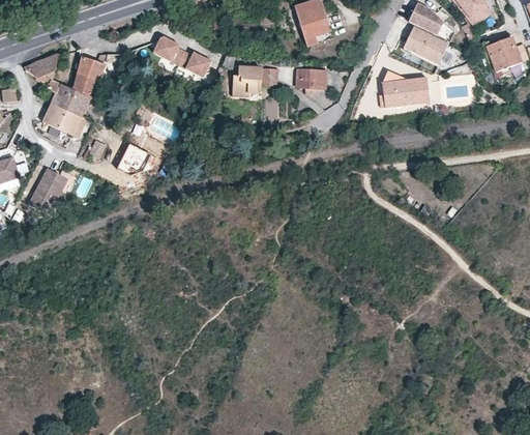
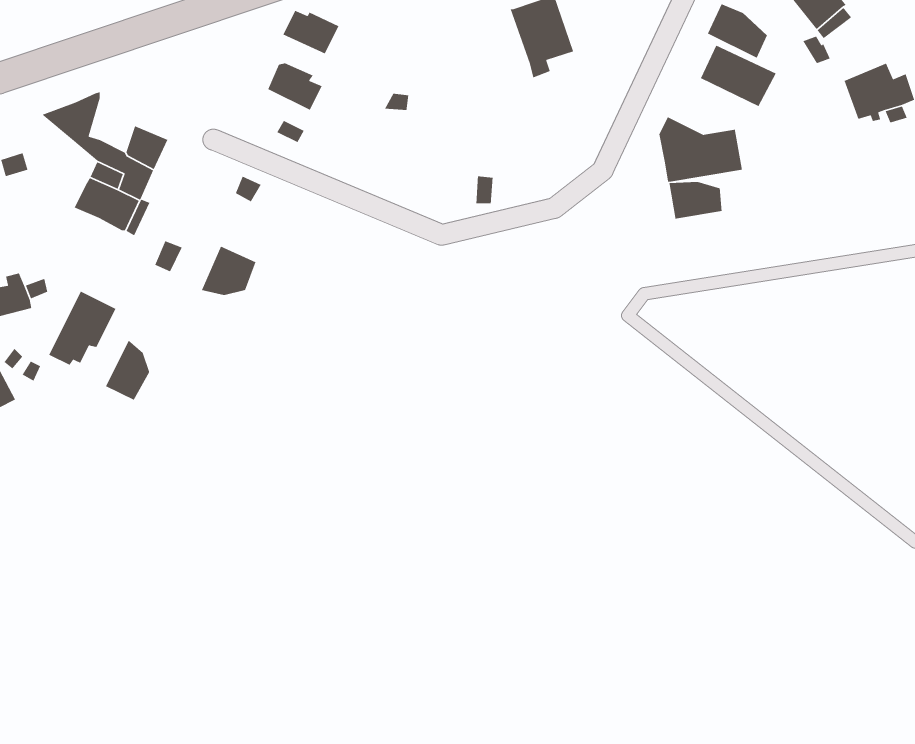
building: [179,51,212,77] -> [282,10,340,55]
building: [78,57,106,82] -> none
building: [233,66,277,96] -> none
building: [297,70,327,88] -> none
building: none -> [669,181,722,220]
building: none -> [105,340,150,401]

